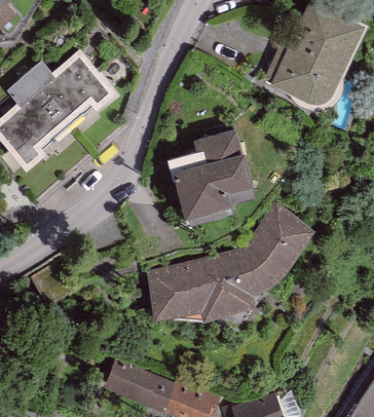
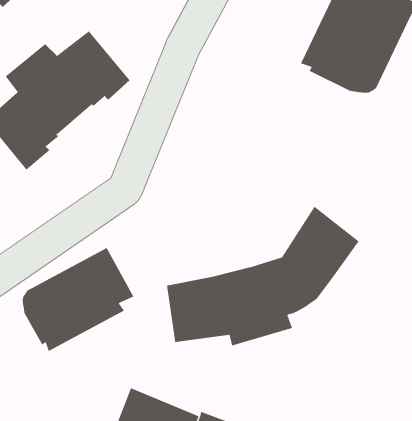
building: [166,128,253,219] -> none
building: none -> [22,247,134,352]

